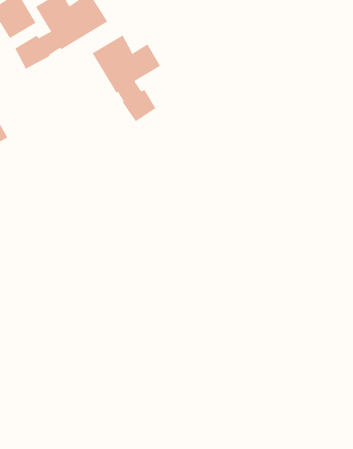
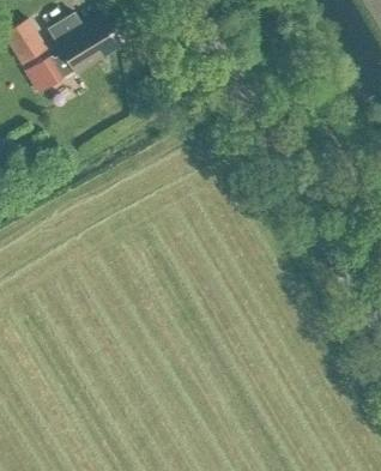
building: [92,35,161,122] -> none

